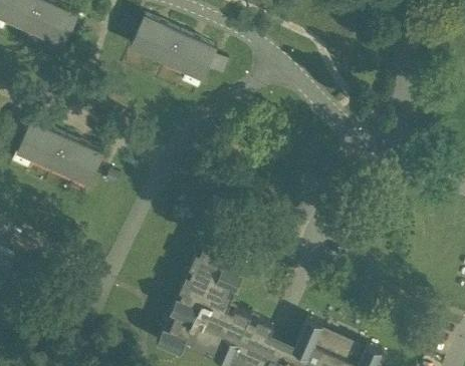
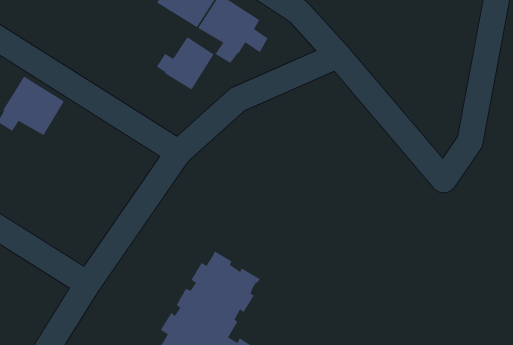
building: none -> [156,36,215,91]
building: [52,136,101,184] -> none

